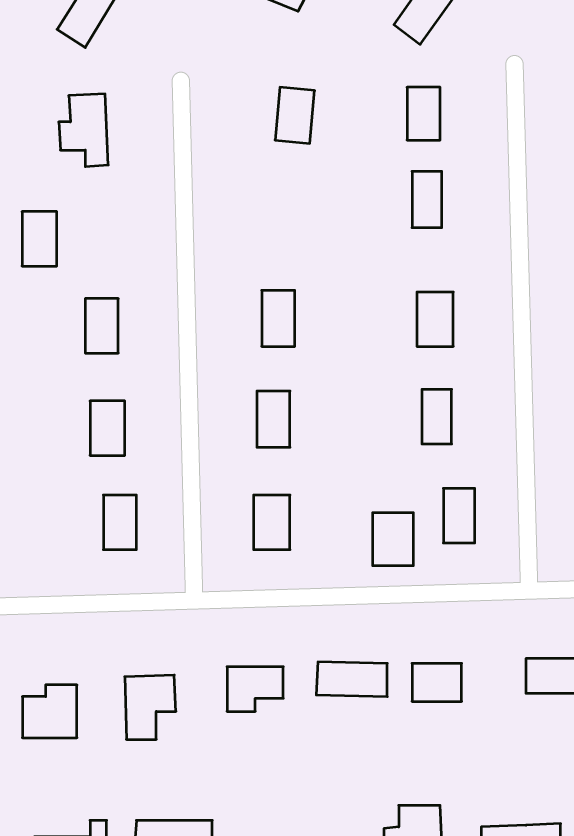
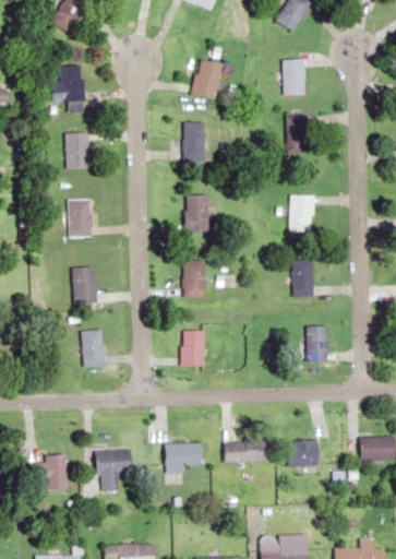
building: none -> [184,122,204,162]
building: [22,212,57,266] -> [65,132,88,168]
building: [373,513,413,566] -> none

